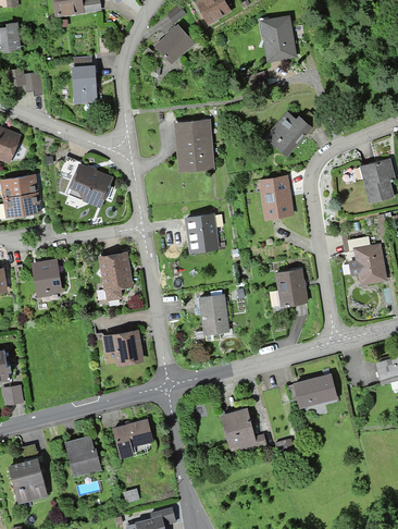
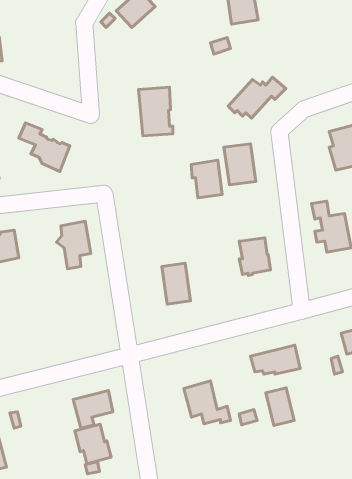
building: [73,58,97,103] -> none
building: [187,214,217,251] -> [191,160,222,198]
building: [114,332,141,364] -> none
building: none -> [266,388,294,426]
building: [65,436,101,476] -> [75,424,111,464]

